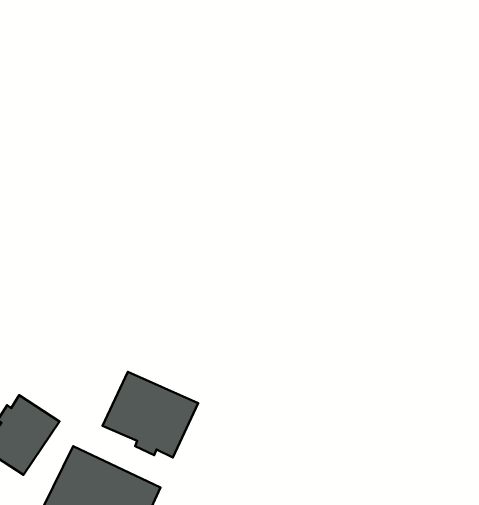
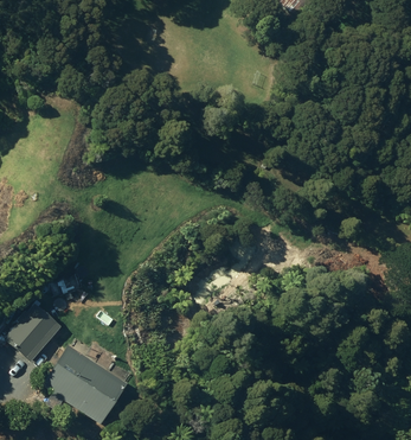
building: [103,372,198,457] -> none

